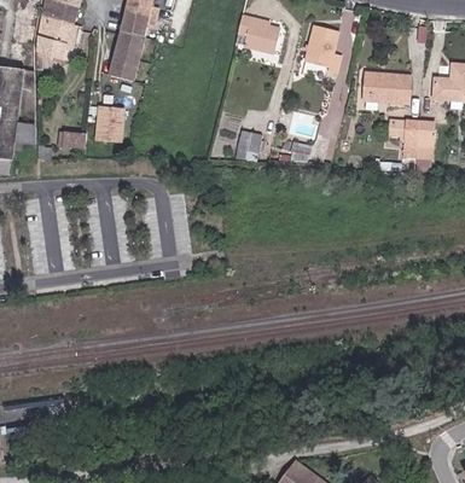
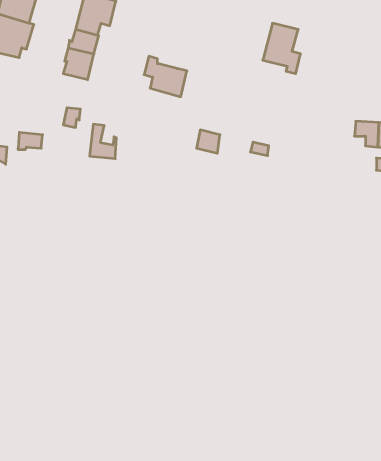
building: [238,14,280,54] -> [144,56,187,97]
building: [364,74,412,104] -> none
building: [97,107,123,141] -> [90,124,116,159]

